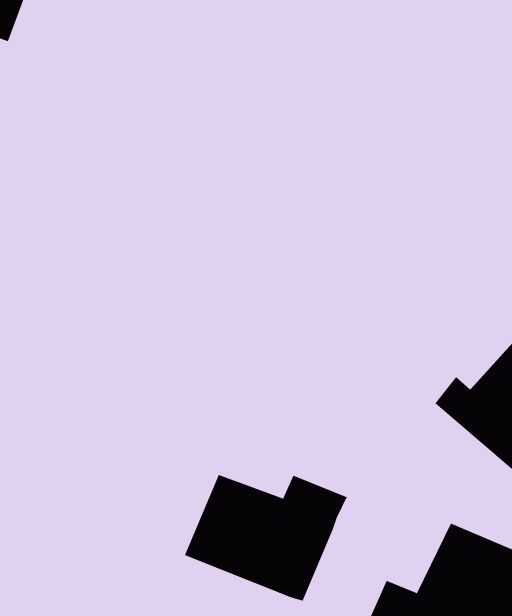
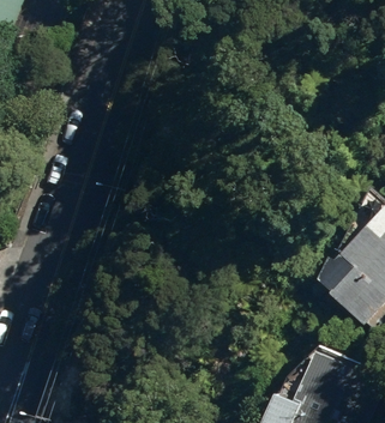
building: [184,474,347,601] -> none

